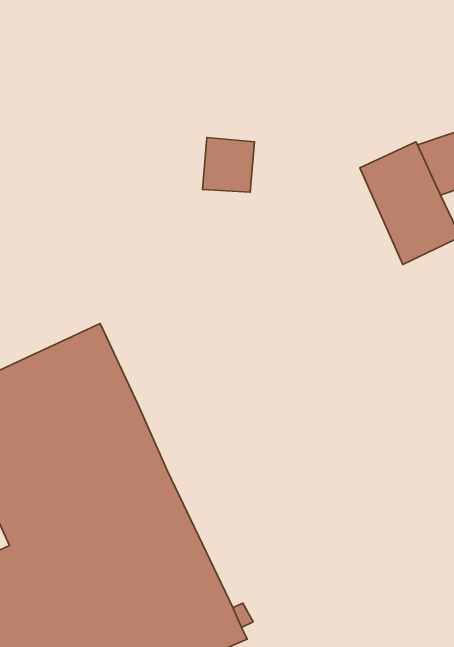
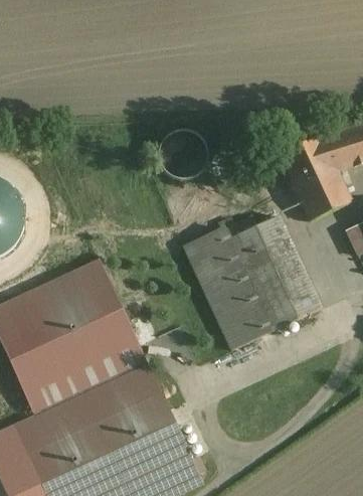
building: none -> [184,216,321,351]

